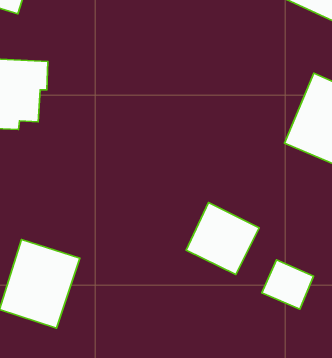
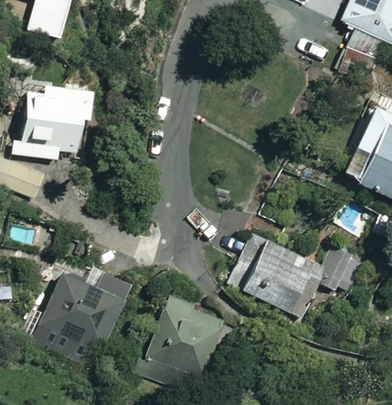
building: [262,260,313,309] -> [311,244,365,297]
building: none -> [147,298,227,377]

